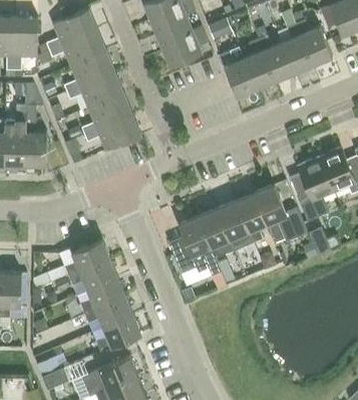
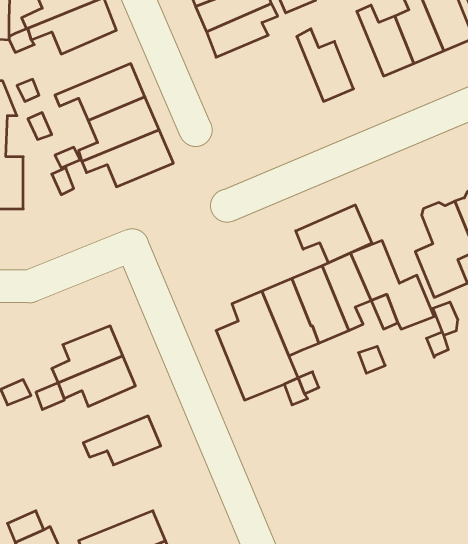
building: [244,39,275,88] -> none
building: [63,51,114,92] -> none
building: none -> [296,205,372,263]
building: [80,277,125,314] -> none
building: [96,316,141,352] -> none

